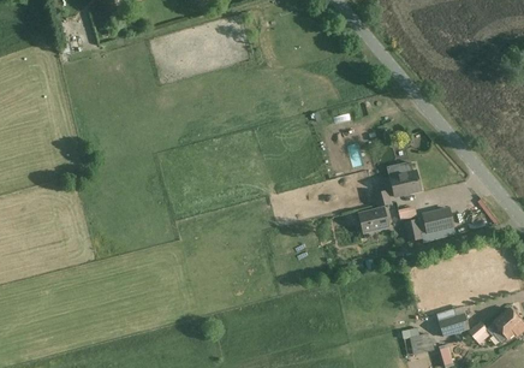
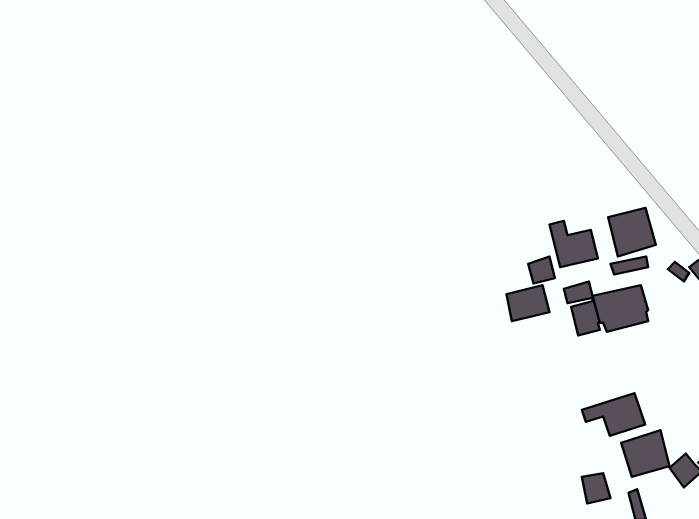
building: none -> [608,208,656,257]
building: none -> [582,393,645,436]

